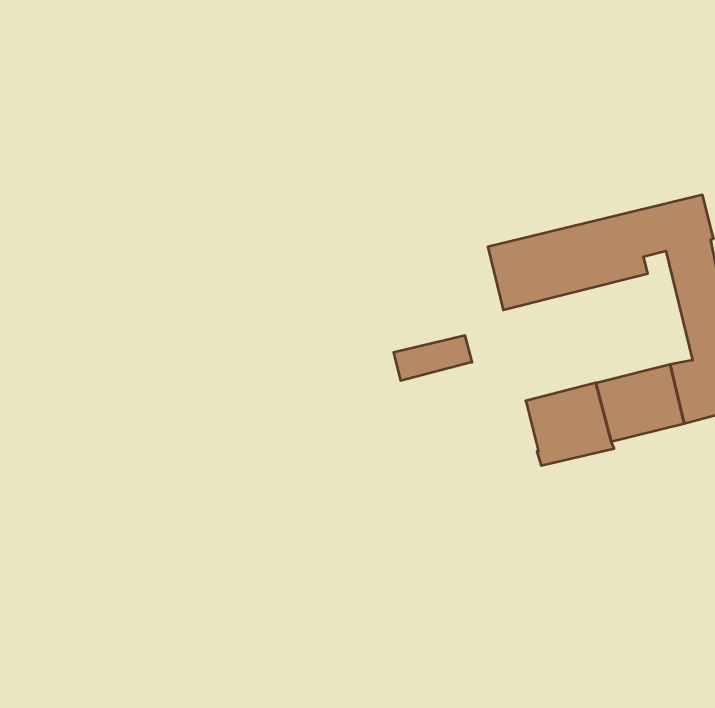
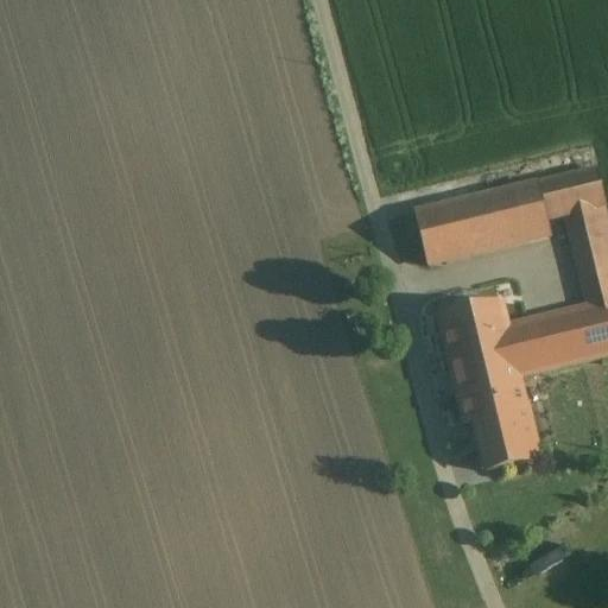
building: [394,336,472,380] -> [441,302,507,340]
building: none -> [460,380,540,467]

